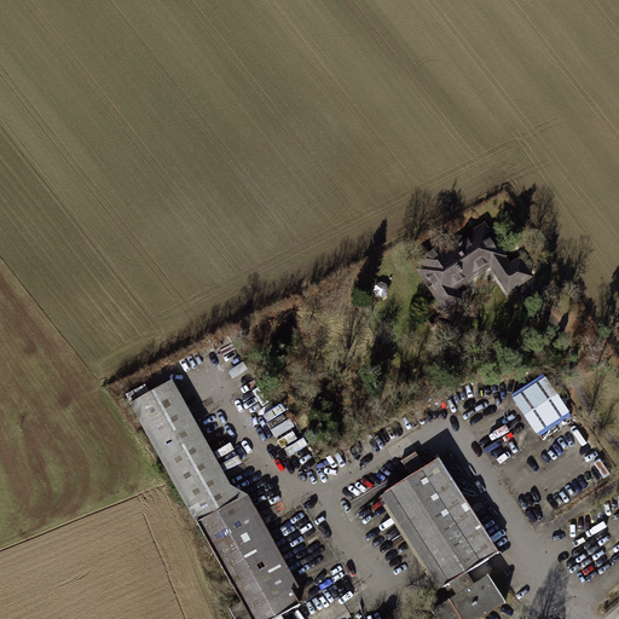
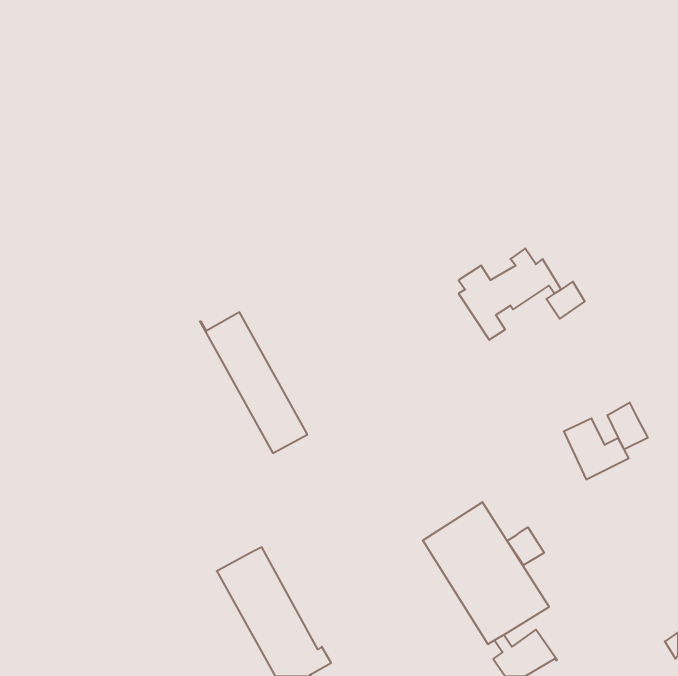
building: none -> [607,402,648,450]
building: [131,392,228,520] -> [200,312,307,453]
building: none -> [507,527,544,565]

